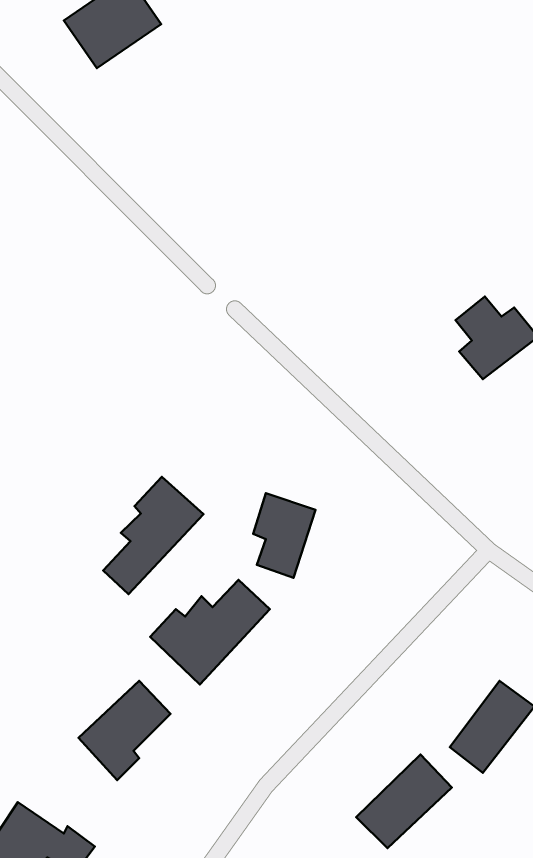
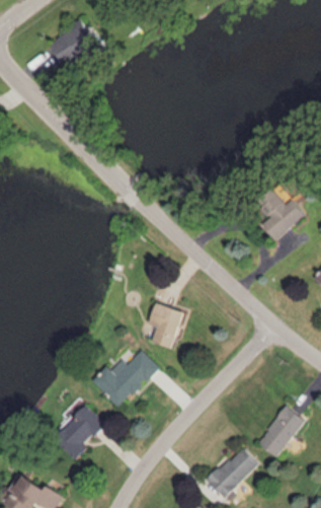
building: [103,477,204,594] -> none

